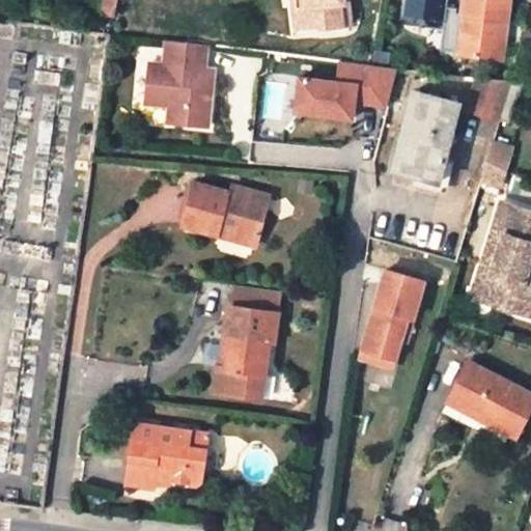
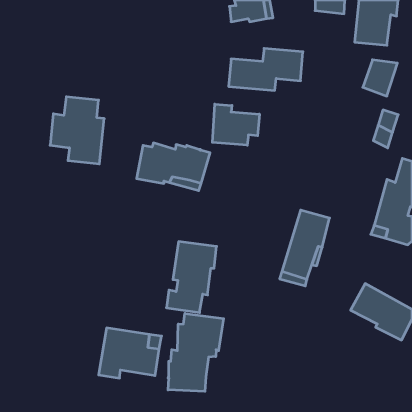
building: [144,41,214,128] -> [50,97,104,164]
building: [392,94,458,184] -> none
building: none -> [212,104,259,145]
building: [229,288,281,317] -> none
building: none -> [168,313,224,391]

